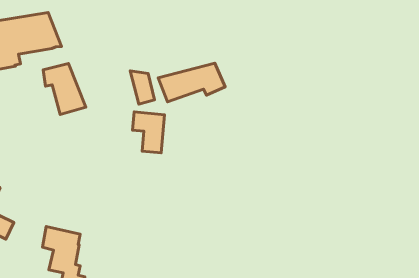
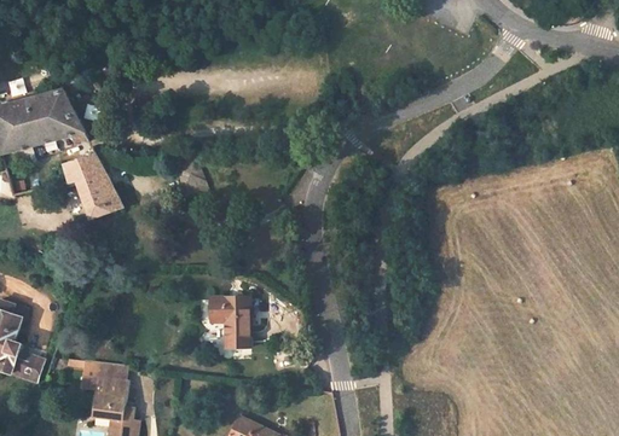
building: [158,63,225,102] -> none
building: [132,112,165,153] -> [212,297,250,345]

